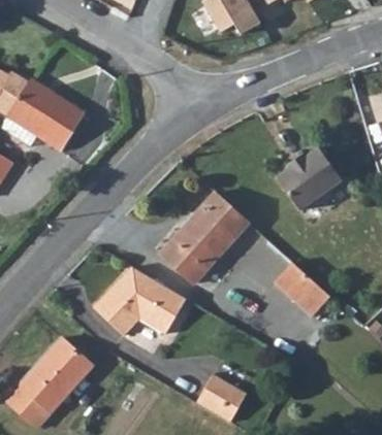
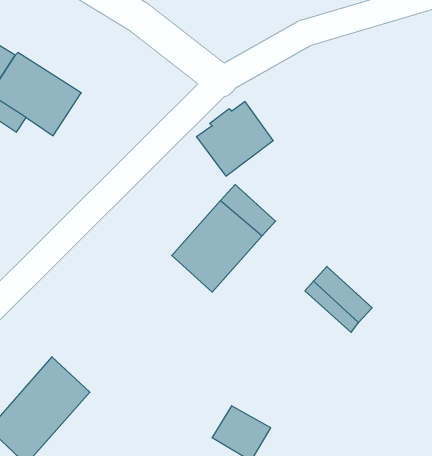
building: [275,146,340,209] -> [196,102,273,176]
building: [93,266,186,335] -> none

